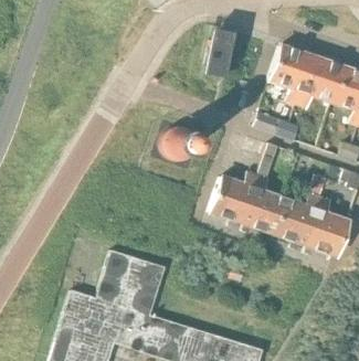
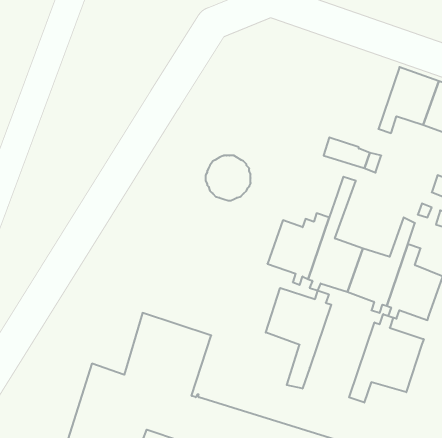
building: [205,30,235,78] -> none
building: [271,45,315,105] -> none
building: none -> [266,288,331,389]
building: none -> [349,314,424,403]

